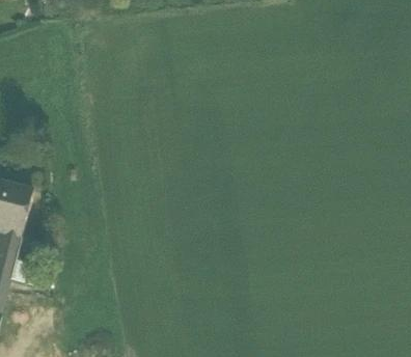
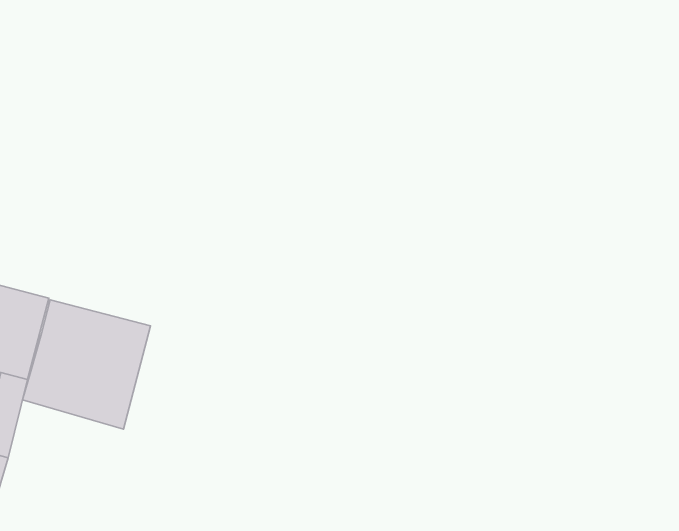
building: none -> [22,300,151,429]

